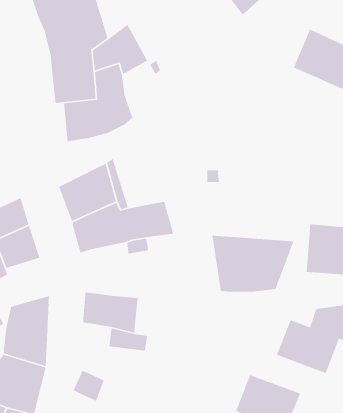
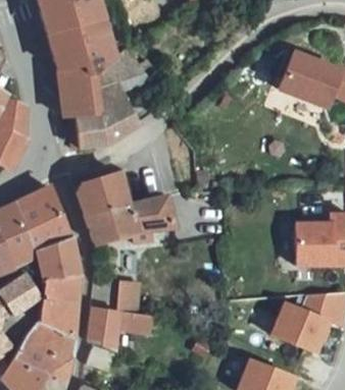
building: [211,235,294,292] -> none
building: none -> [31,246,68,287]
building: none -> [90,301,120,344]

